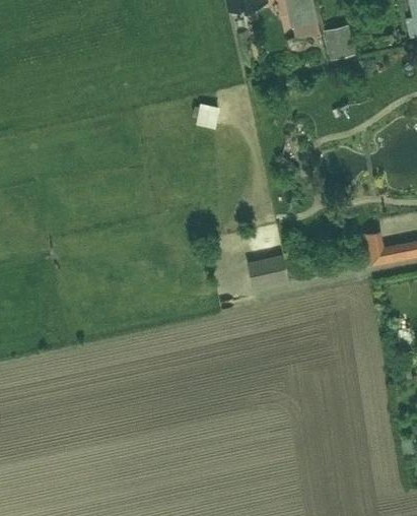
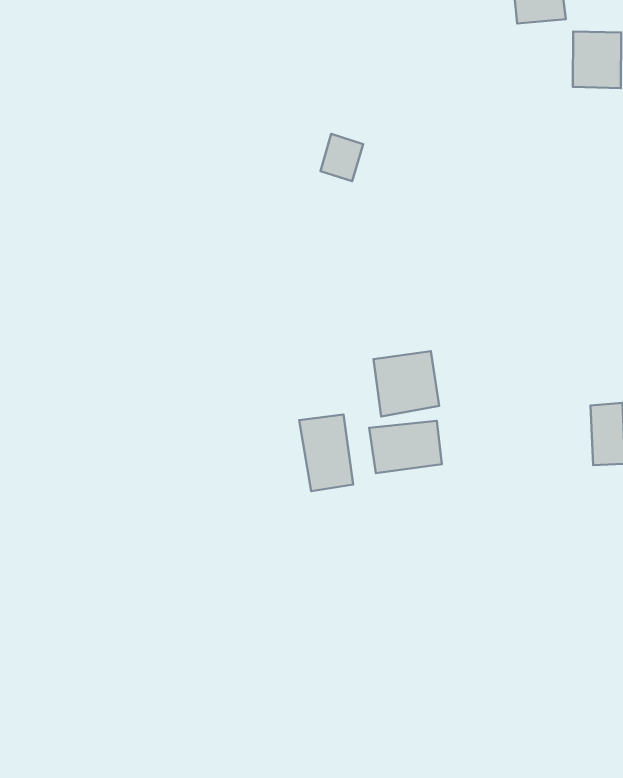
building: none -> [373,351,439,417]
building: none -> [299,414,353,491]

